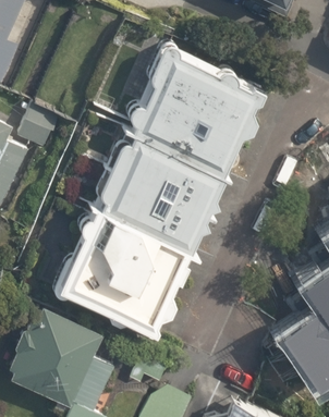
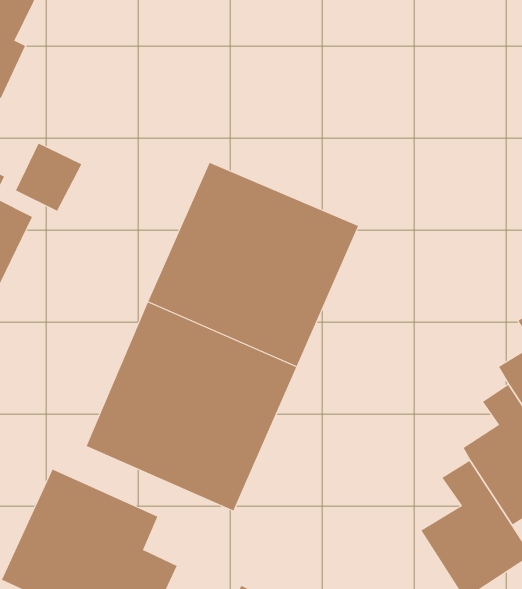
building: [134,41,258,156] -> none

